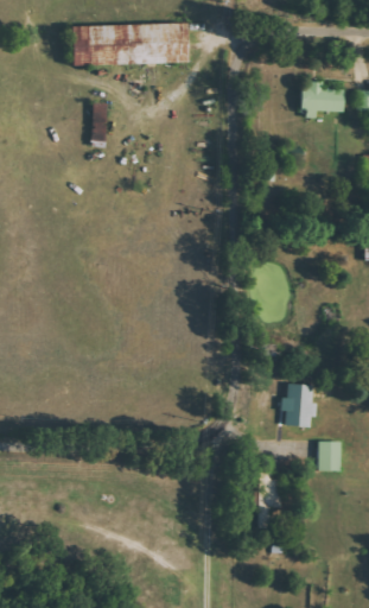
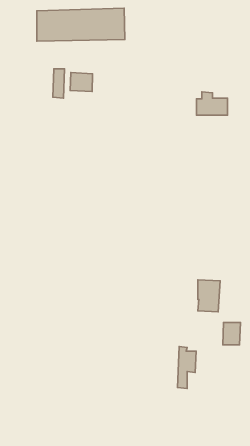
building: [301,81,343,112] -> [197,92,228,115]
building: none -> [70,73,93,92]

